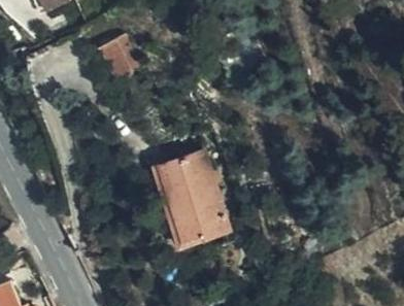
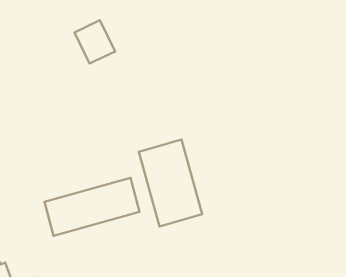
building: none -> [45,178,140,236]

